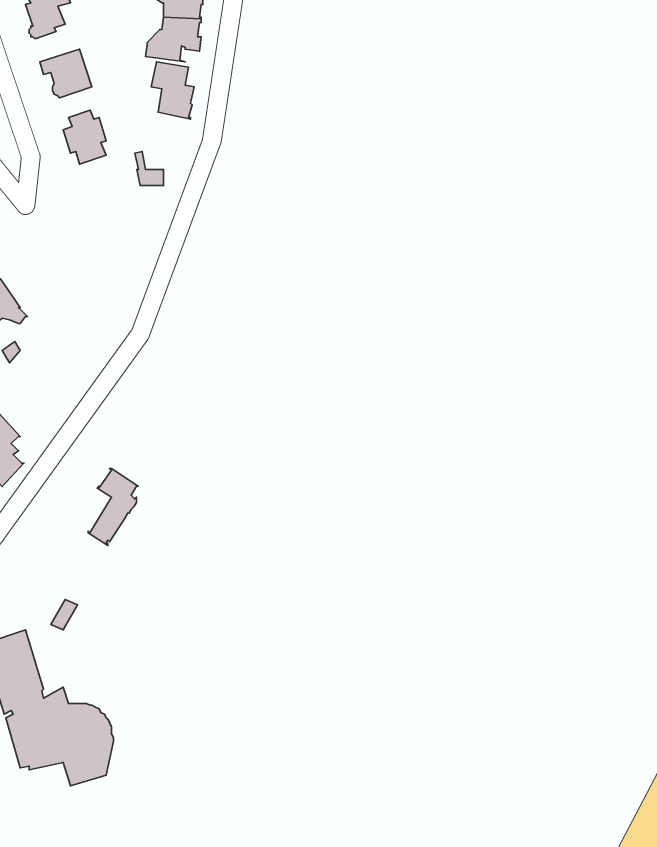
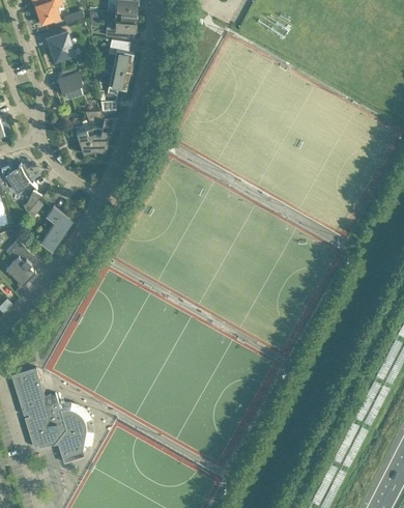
building: none -> [107,67,131,94]
building: none -> [76,117,117,153]
building: [88,468,138,545] -> [39,205,68,250]

